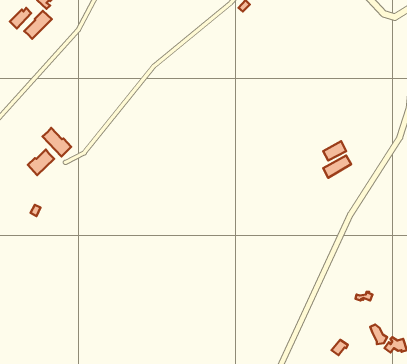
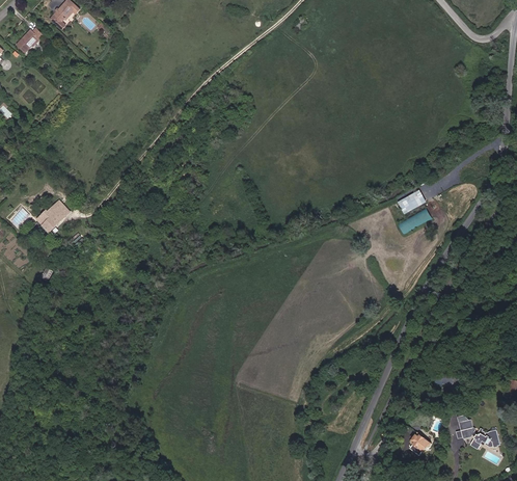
building: [24,11,52,39] -> none
building: [42,128,71,157] -> none

